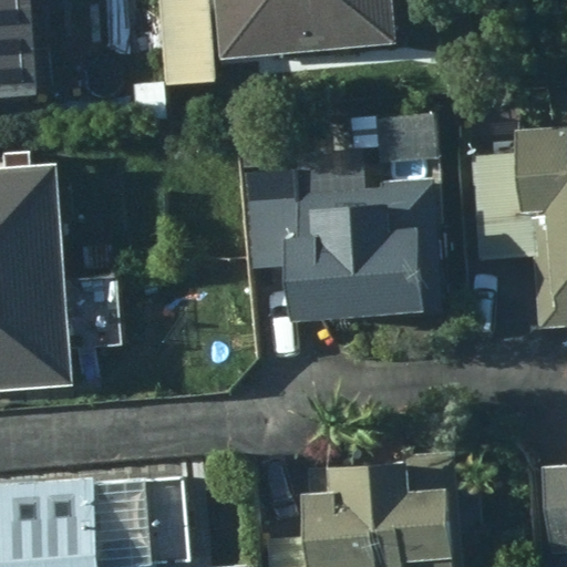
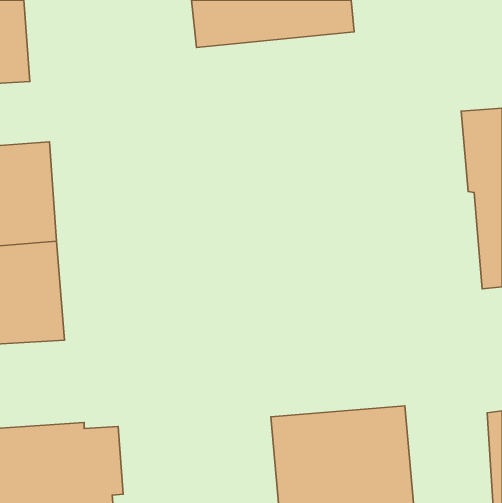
building: [287,178,444,323] -> none

